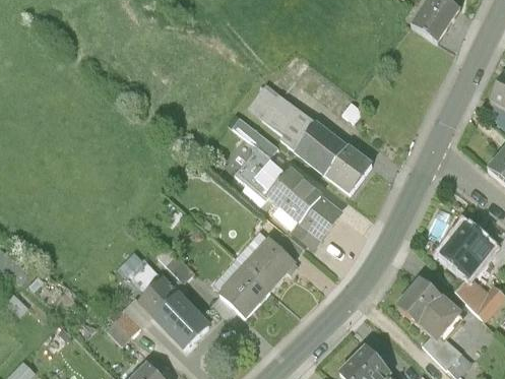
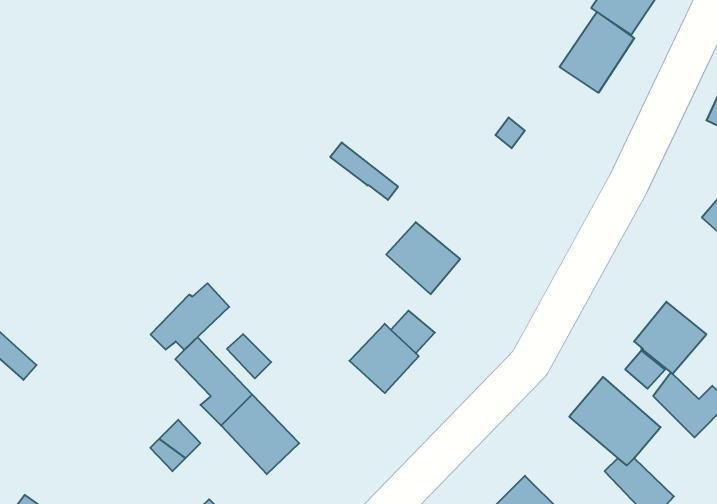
building: none -> [560,12,634,93]
building: [257,91,370,192] -> none
building: [234,146,290,200] -> none
building: [293,197,338,248] -> none
building: none -> [151,283,229,350]
building: [220,267,268,315] -> none

